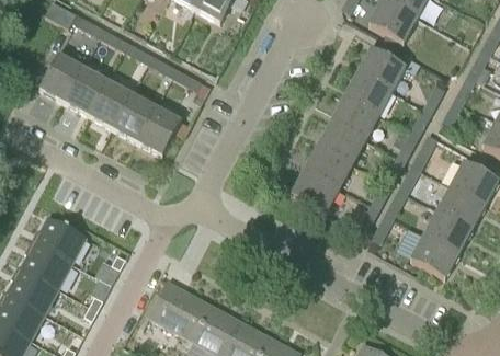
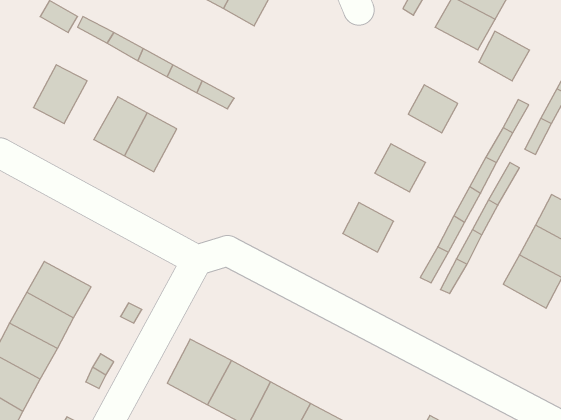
building: [360,45,401,85] -> [479,31,530,81]
building: [65,67,109,115] -> none
building: [332,94,374,134] -> none
building: [138,106,182,154] -> none
building: [306,142,348,182] -> none
building: [411,233,459,278] -> none

